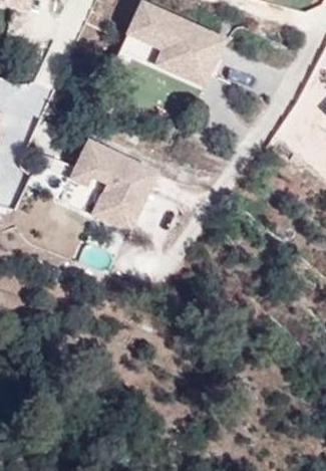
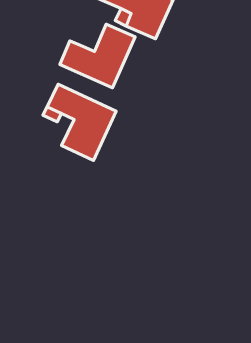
building: none -> [60,24,135,88]

